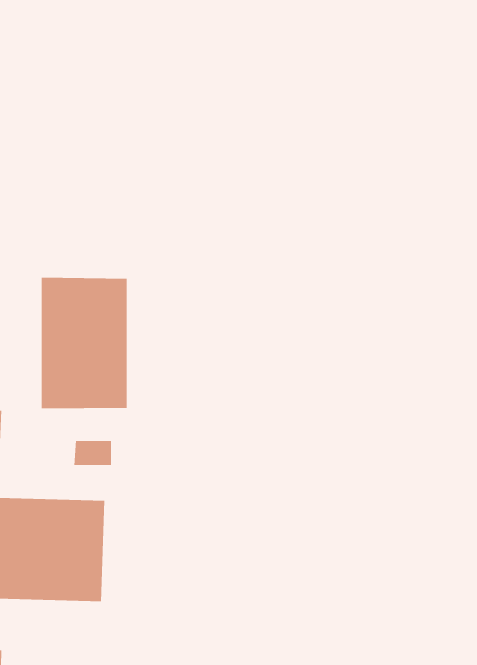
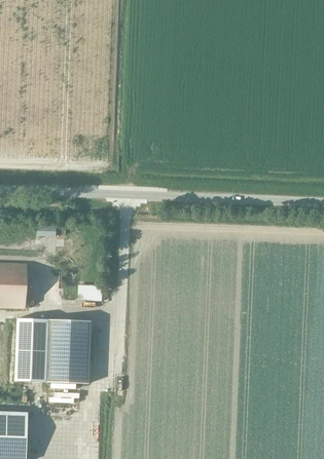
building: [41,277,127,409] -> none

